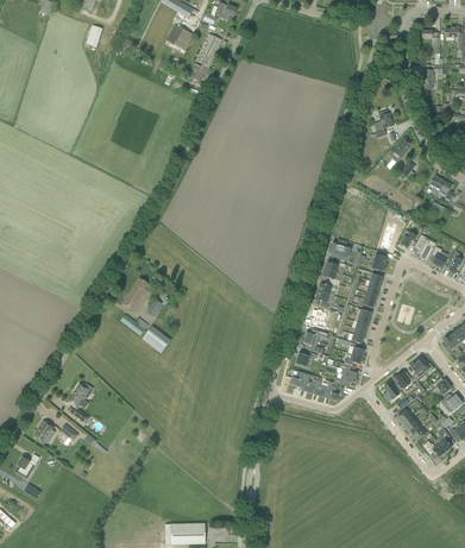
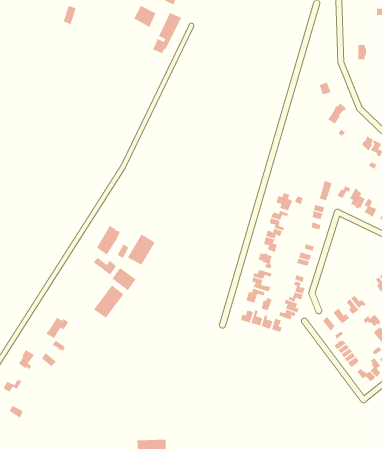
building: none -> [127,233,155,266]
building: none -> [93,284,124,319]

